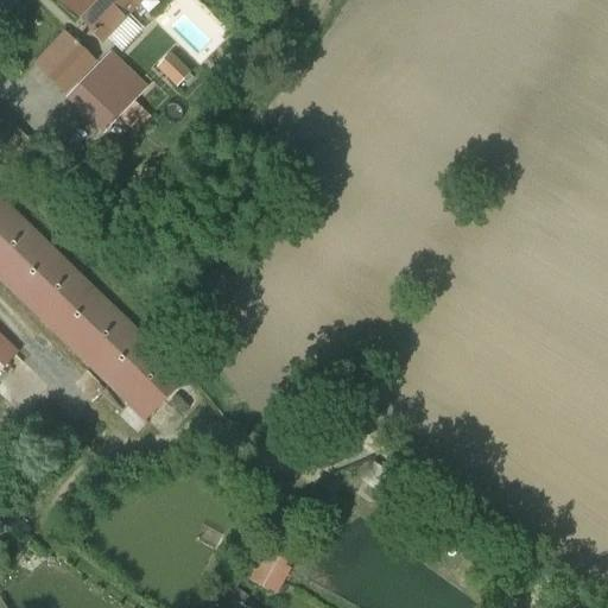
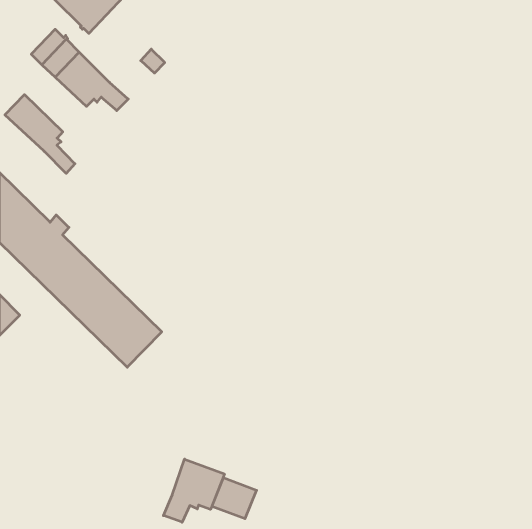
building: [90,45,139,94] -> none
building: none -> [5,95,75,173]
building: none -> [163,459,224,522]

